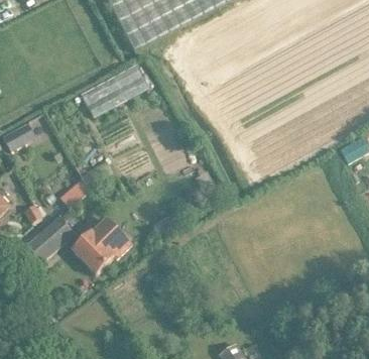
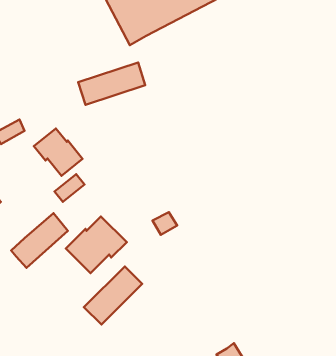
building: none -> [34,128,83,176]
building: none -> [84,266,142,325]

